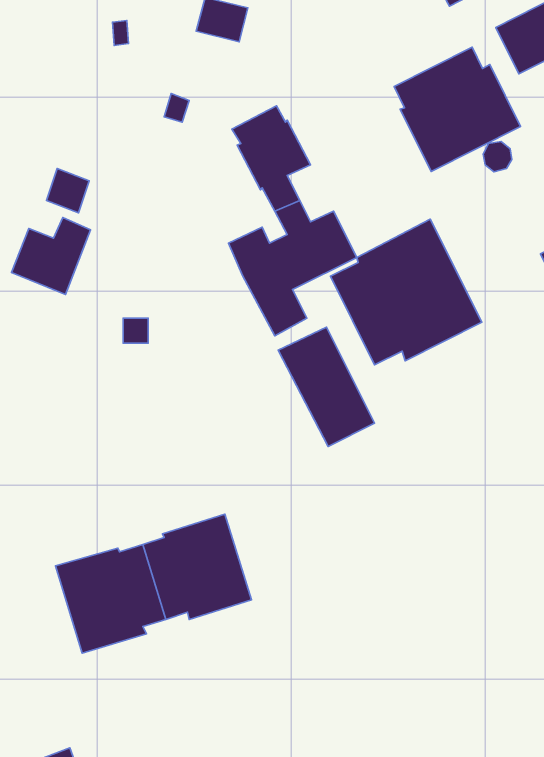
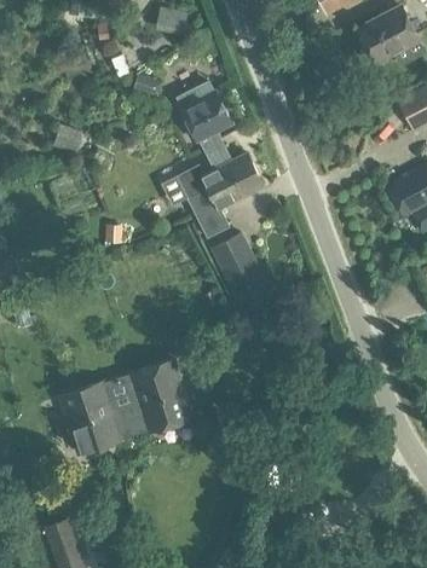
building: [394,47,521,171] -> none
building: [12,217,91,294] -> none
building: [330,219,482,365] -> none

